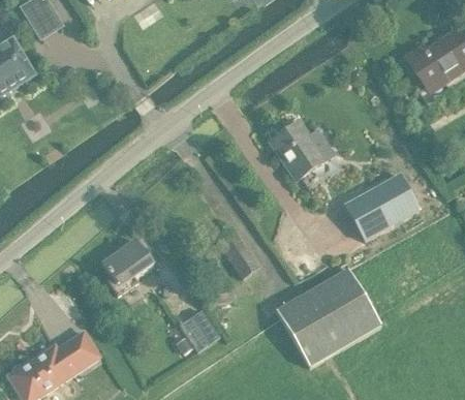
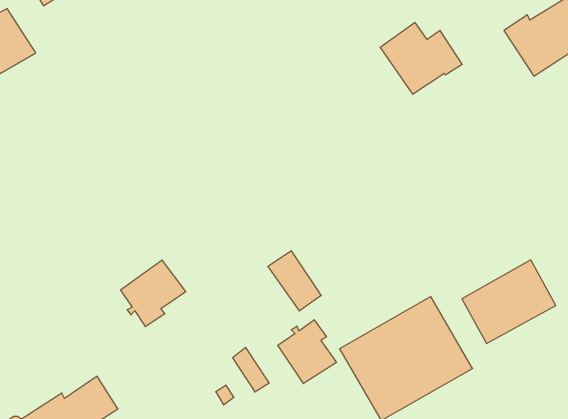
building: [271,121,336,178] -> [380,23,462,94]
building: [345,174,420,240] -> [462,260,556,343]
building: none -> [278,320,336,384]

